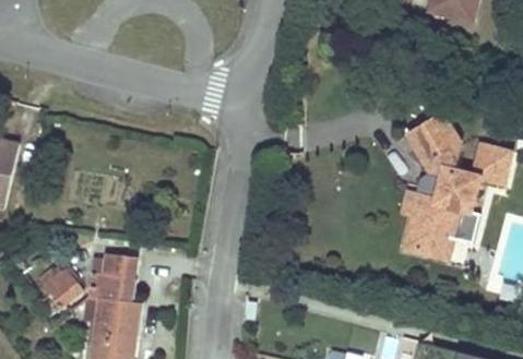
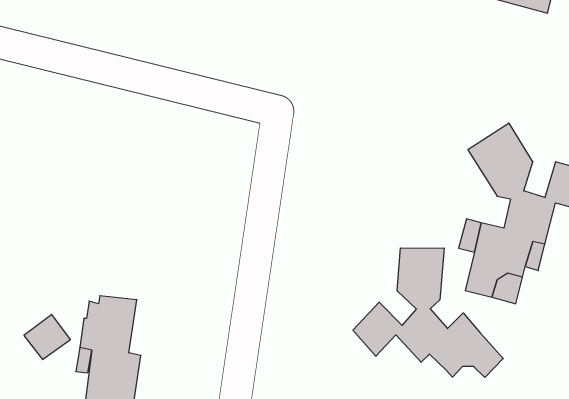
building: none -> [353,248,503,377]

